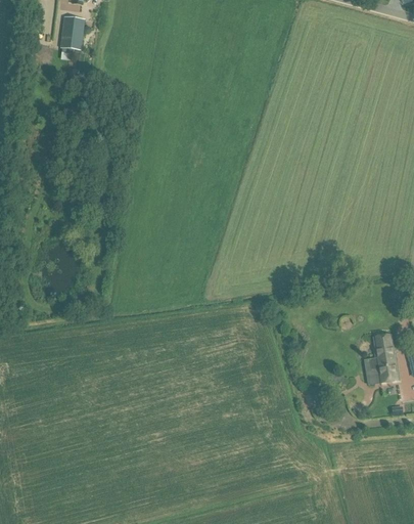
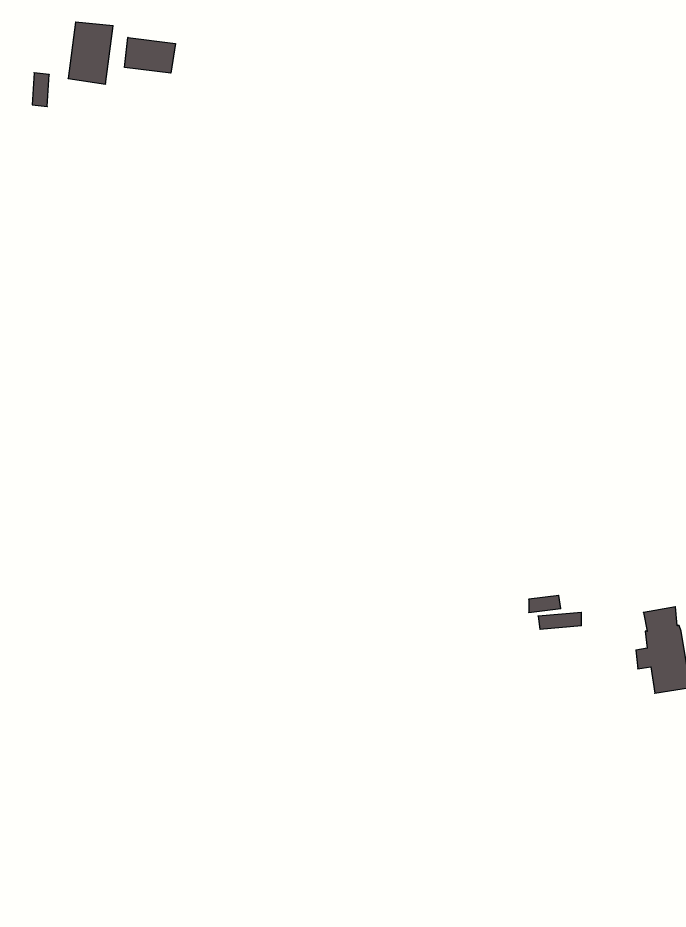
building: none -> [125,37,175,73]

